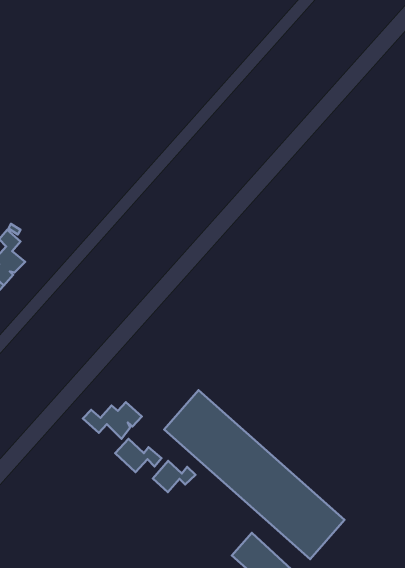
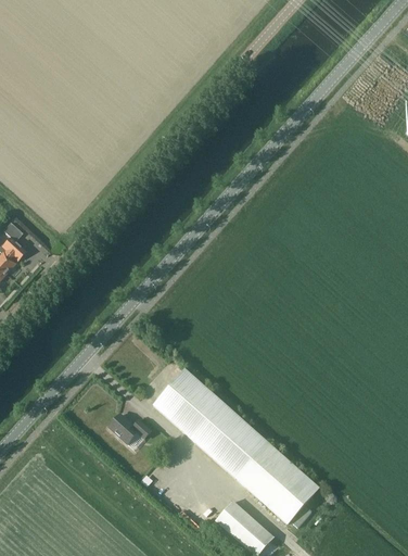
building: [83,402,142,439] -> none
building: [153,461,195,492] -> none

